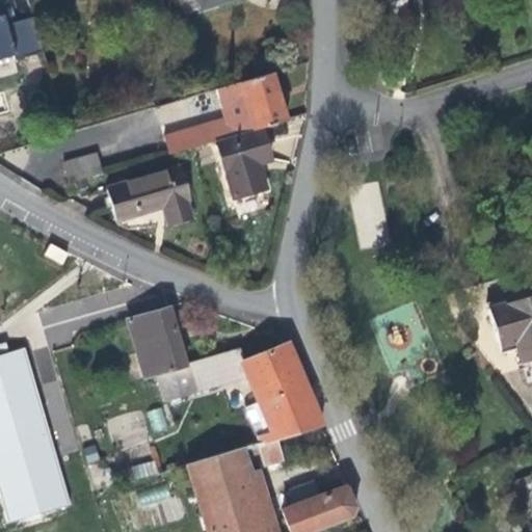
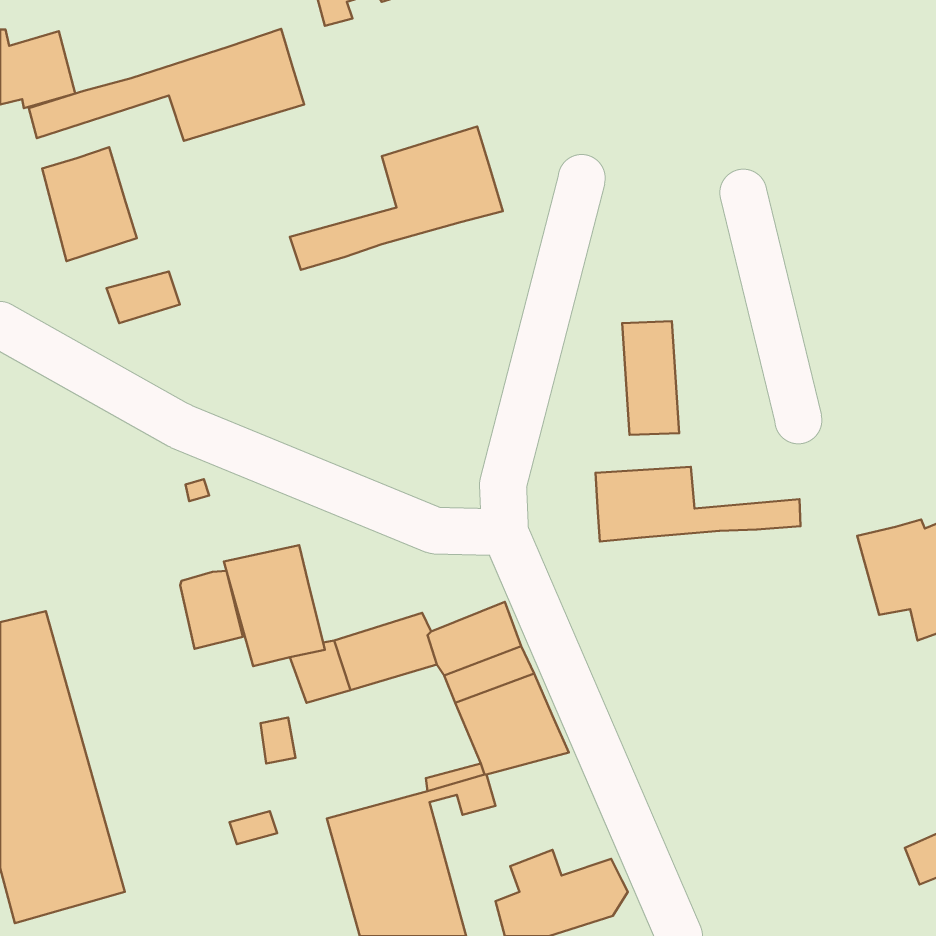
building: none -> [29,29,304,141]
building: none -> [42,147,137,261]
building: [217,126,271,195] -> none
building: [108,166,194,223] -> none
building: none -> [595,467,801,541]
building: none -> [180,571,243,649]

